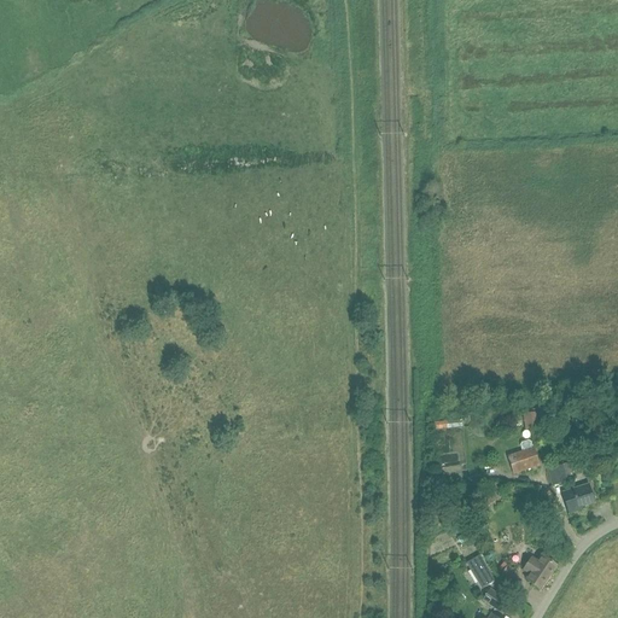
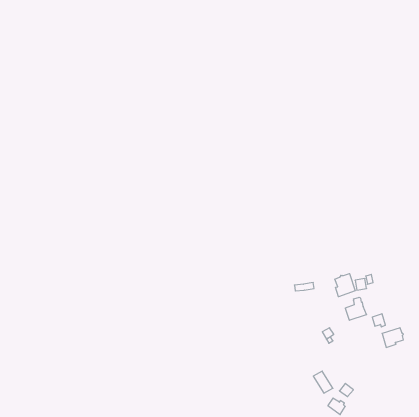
building: none -> [335,274,355,297]
building: [521,553,556,588] -> none

